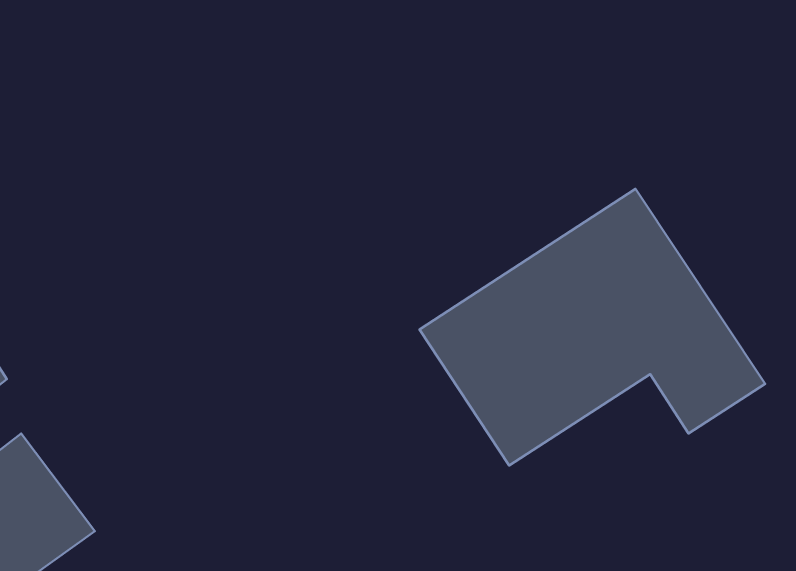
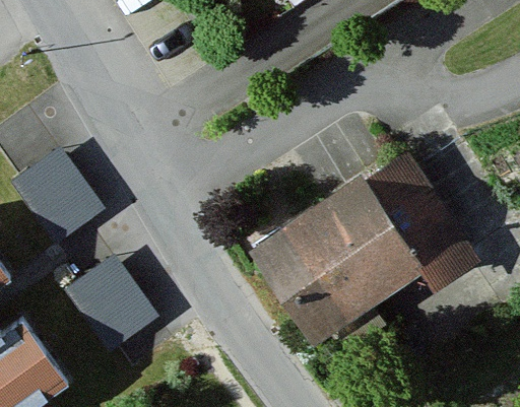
building: none -> [13,144,100,234]
building: none -> [67,253,153,344]

